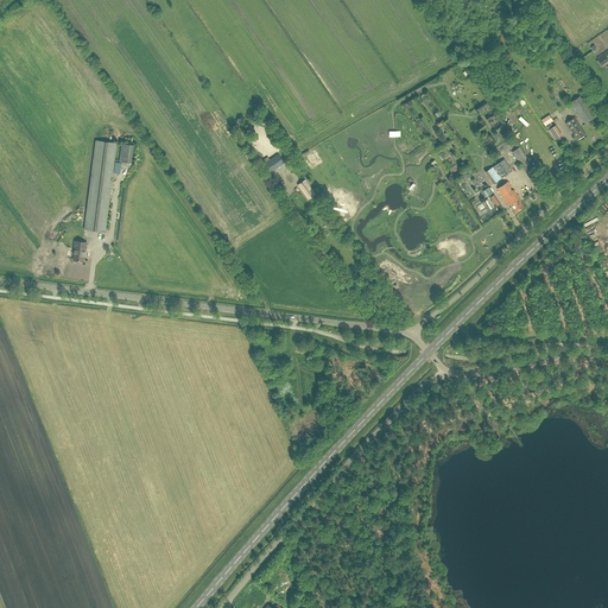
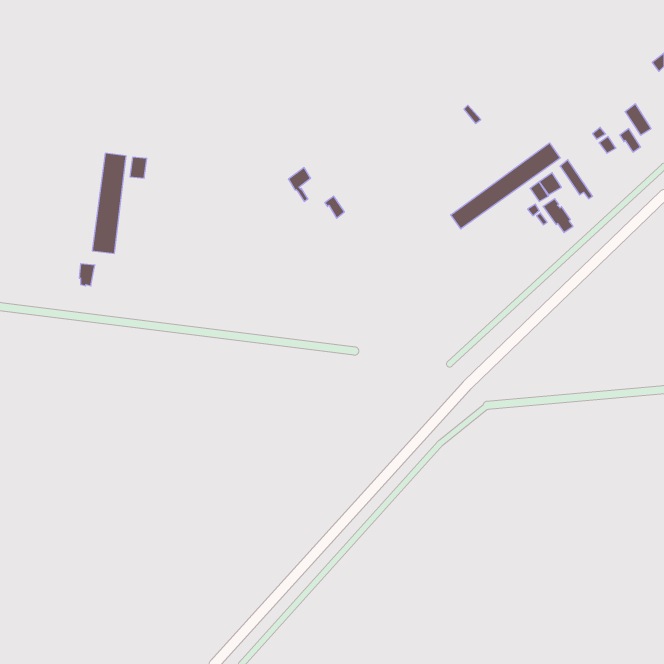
building: none -> [451,143,560,229]

